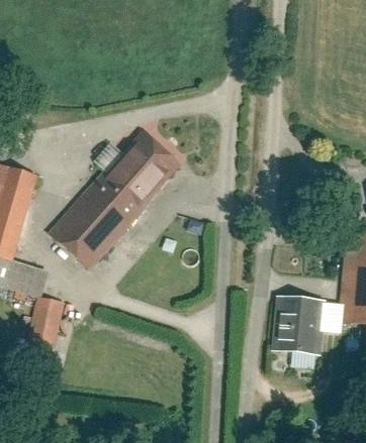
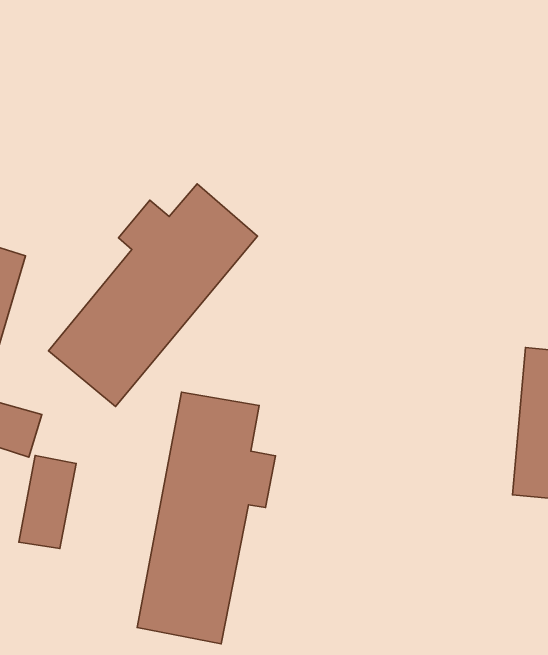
building: none -> [137,392,275,644]
building: [271,296,325,355] -> none

